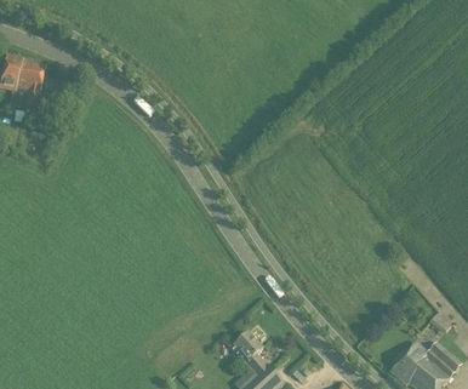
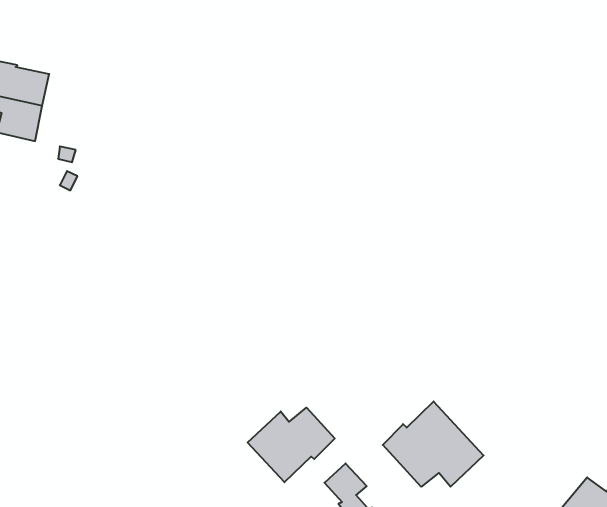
building: none -> [383,401,484,487]
building: none -> [248,408,335,482]

